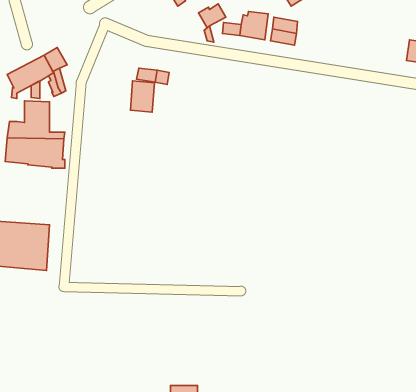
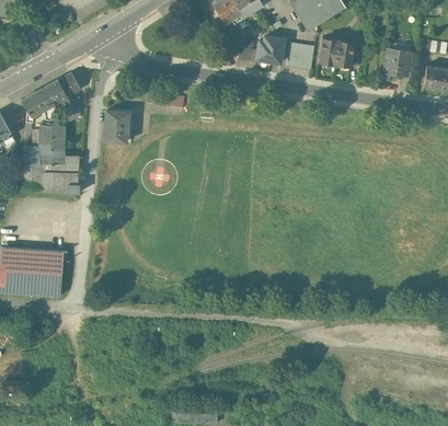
building: none -> [318,38,354,67]
building: none -> [383,48,410,73]
building: [130,81,154,112] -> [104,111,128,142]

